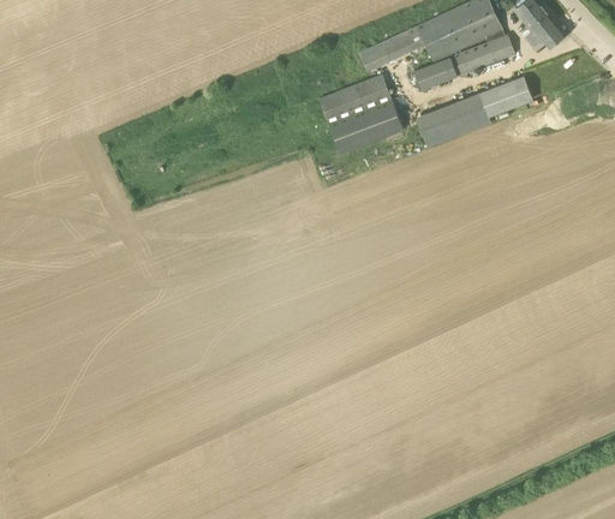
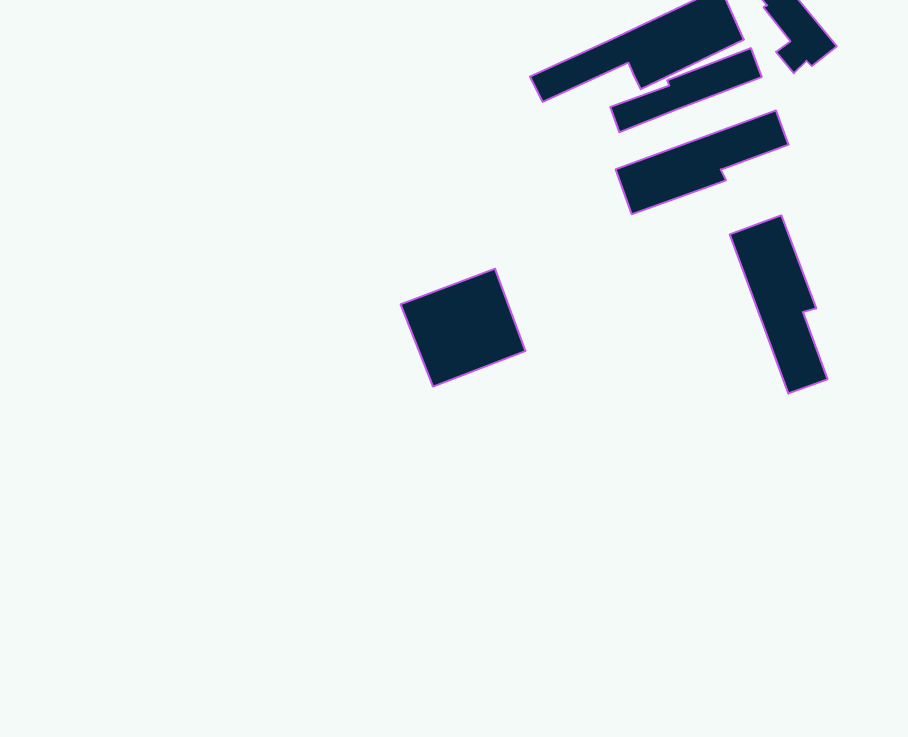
building: [318,74,402,154] -> [401,269,526,386]
building: none -> [730,215,827,394]

